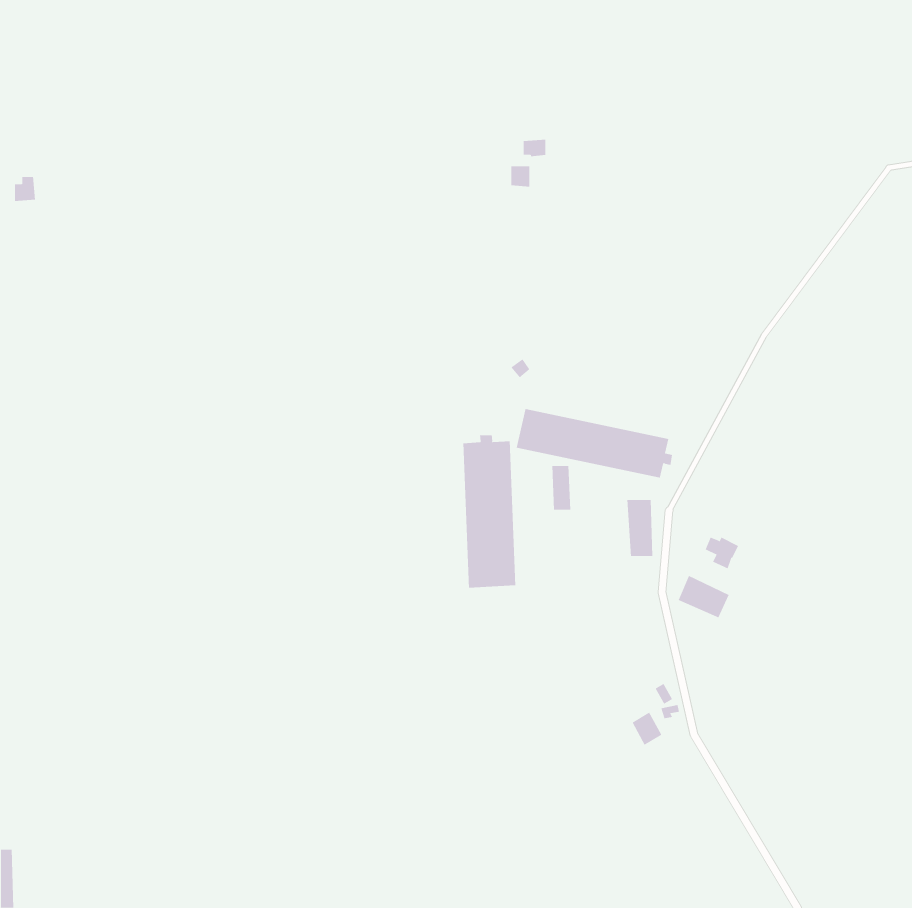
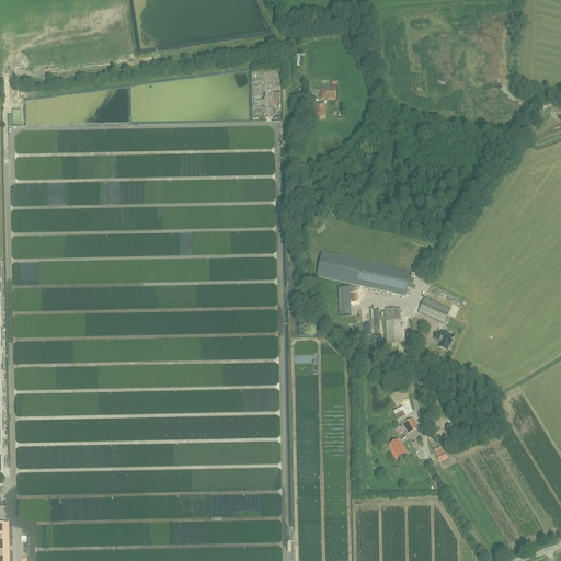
building: [463,434,516,588] -> none
building: [678,575,730,618] -> [419,296,450,322]

